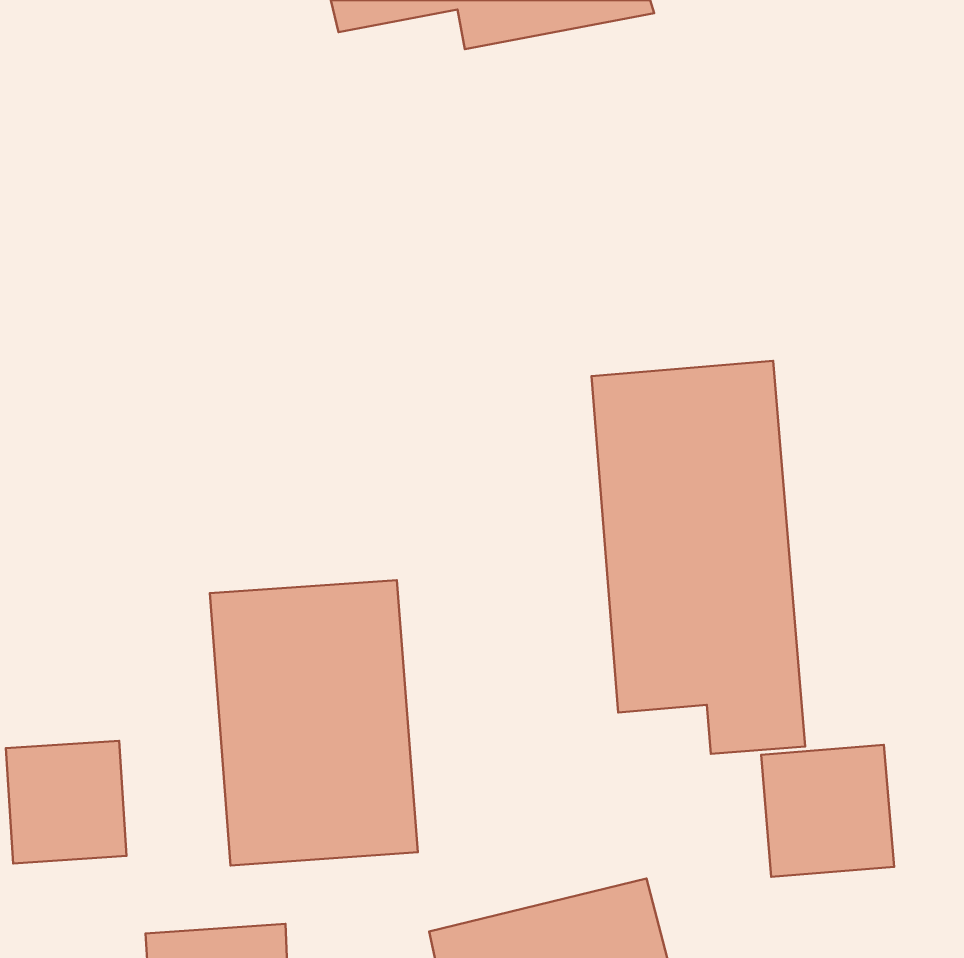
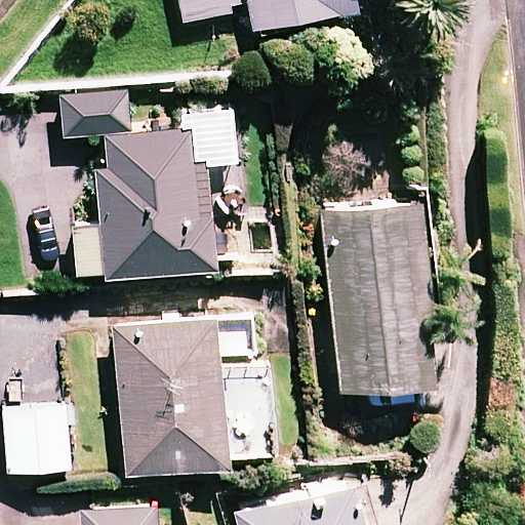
building: none -> [62,89,215,282]
building: [761,745,894,877] -> none

